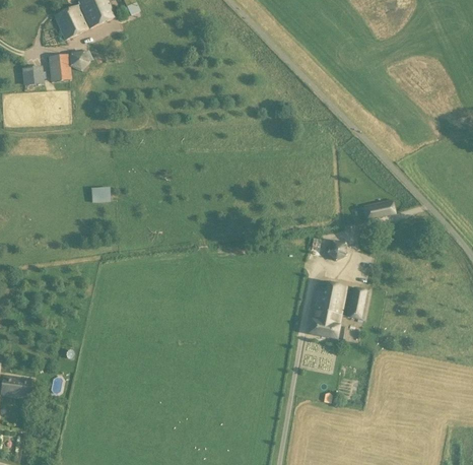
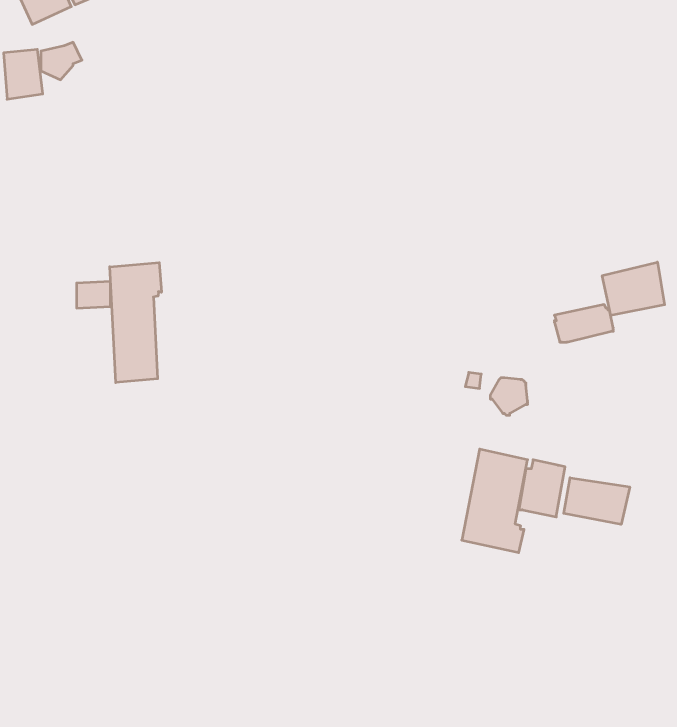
building: none -> [602,262,665,315]
building: none -> [110,263,161,383]
building: none -> [564,478,630,524]

